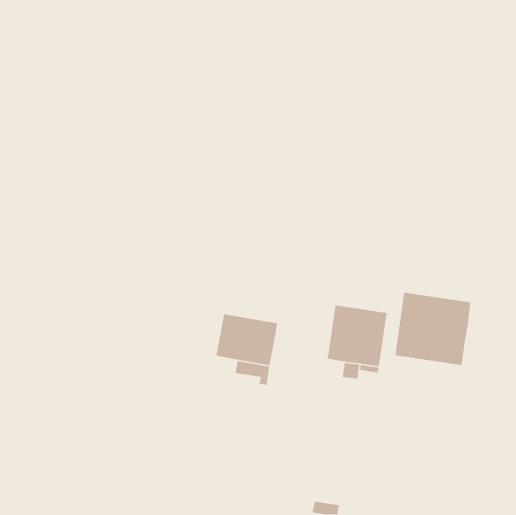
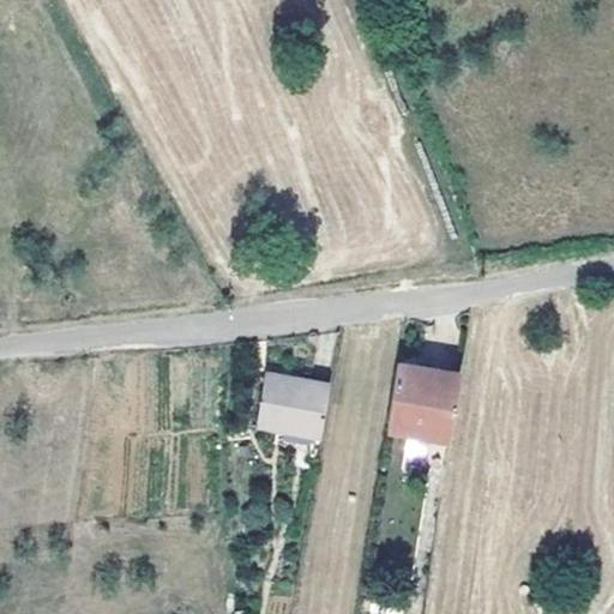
building: [394,292,471,366] -> none

